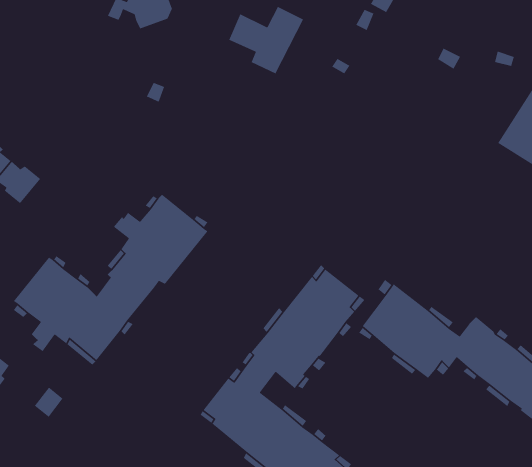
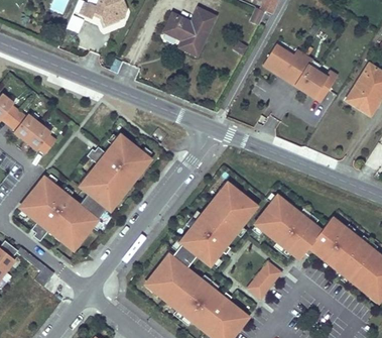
building: none -> [262,44,337,101]
building: none -> [24,124,55,154]
building: none -> [246,261,281,299]

